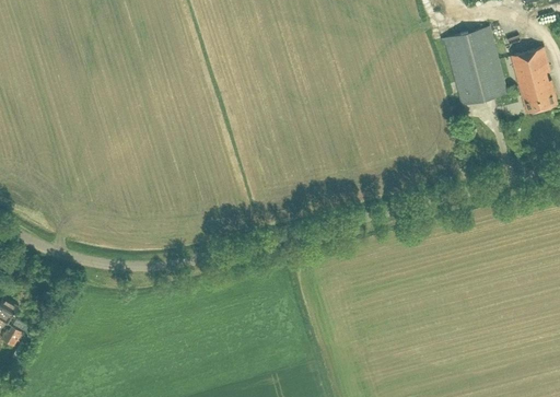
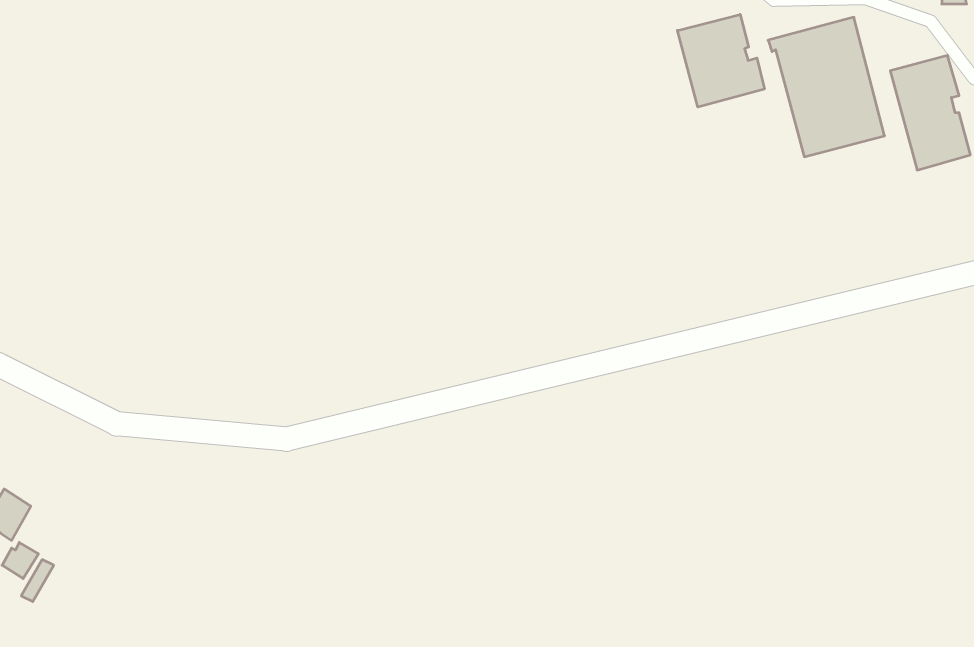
building: none -> [677,14,764,107]

